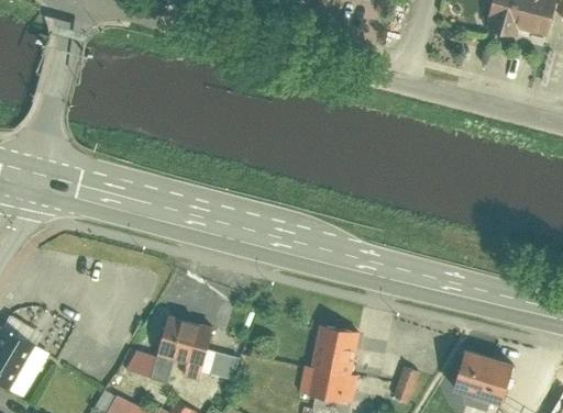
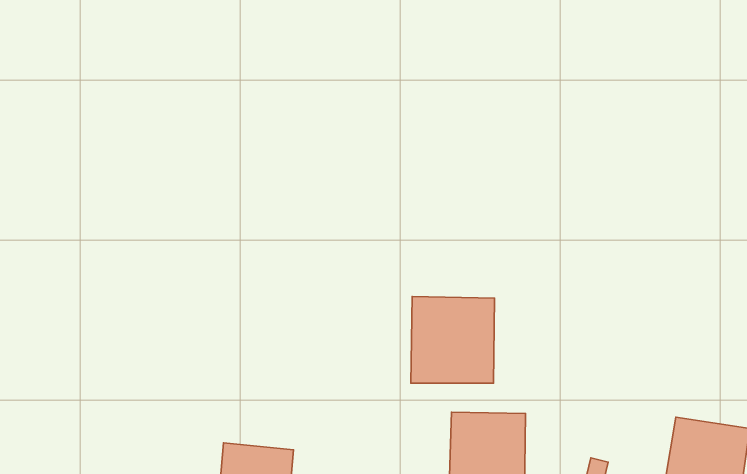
building: none -> [411,297,494,383]

